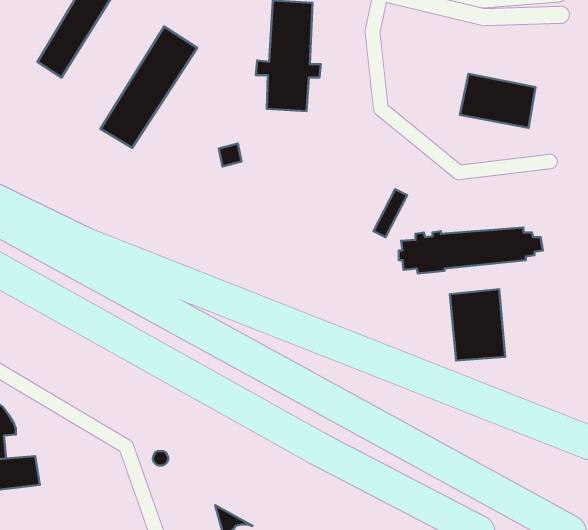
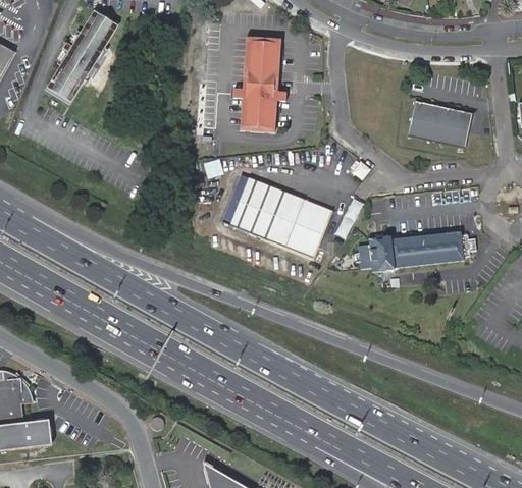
building: [101,26,197,148] -> none
building: none -> [228,176,331,258]
building: [450,289,505,361] -> none

